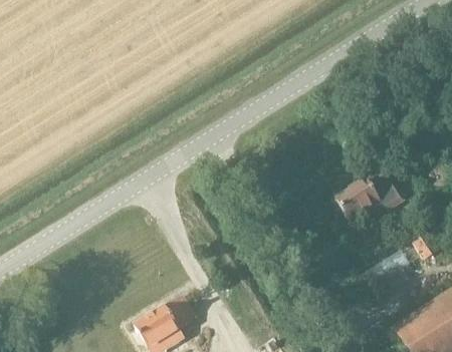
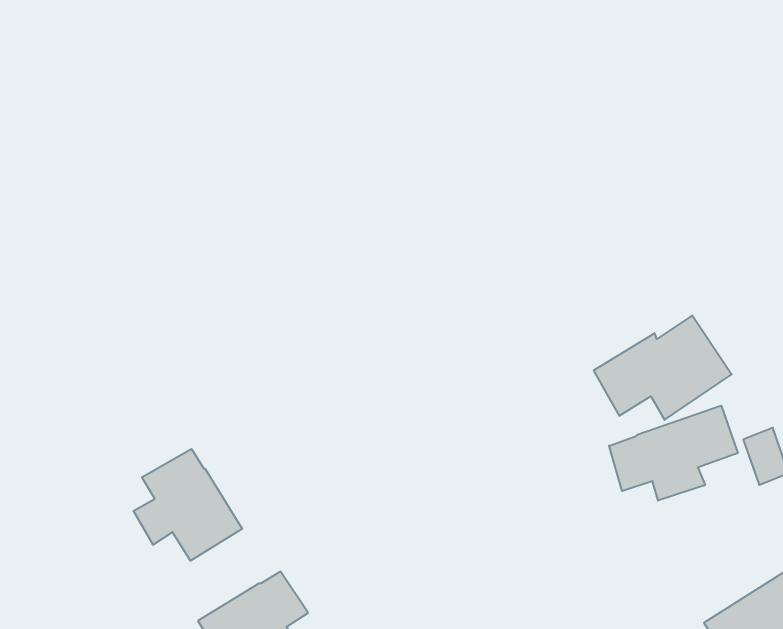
building: none -> [609,406,738,501]
building: none -> [134,449,242,561]

